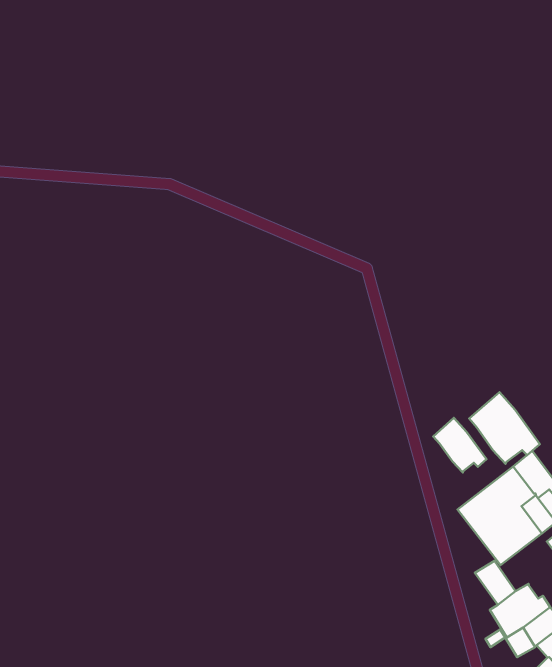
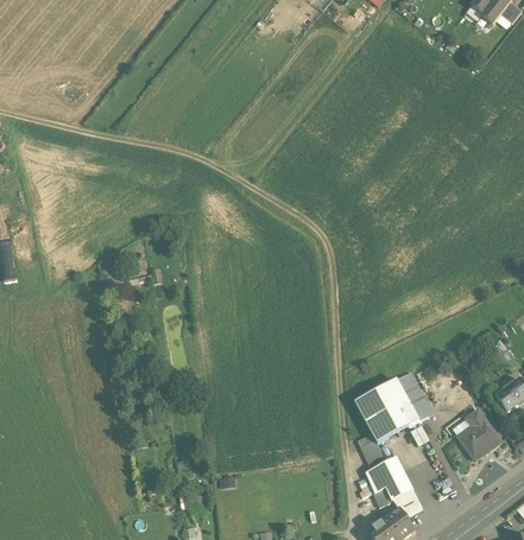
building: [469,392,540,464] -> none
building: [433,418,486,473] -> none

